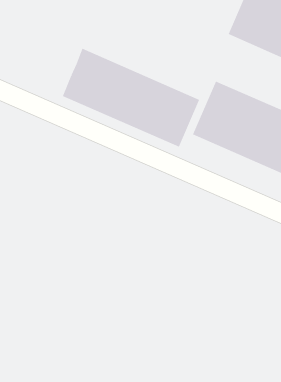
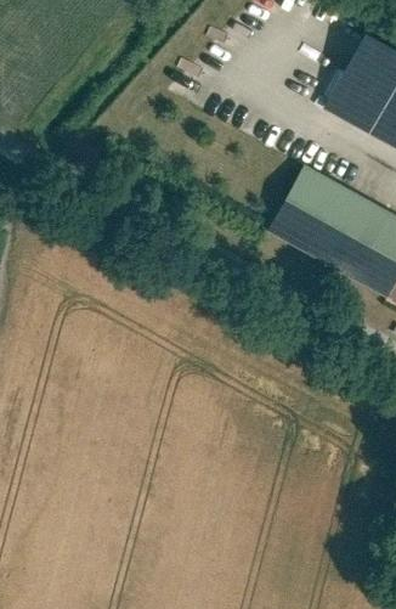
building: [62,48,200,148] -> none

